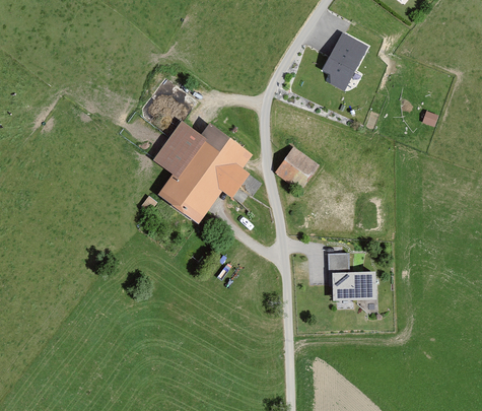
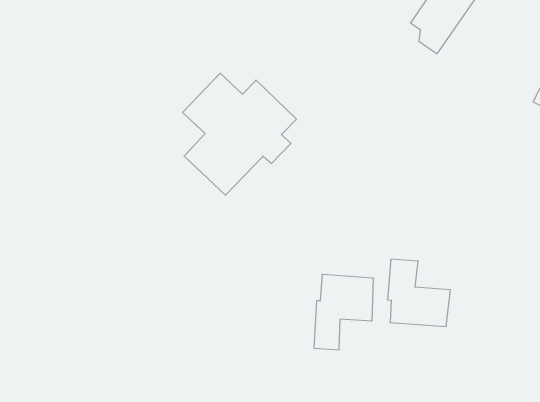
building: [278,151,315,188] -> none
building: none -> [314,274,373,350]

